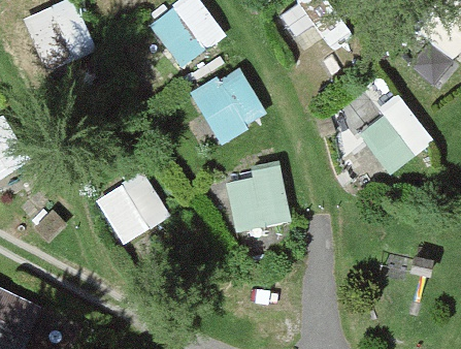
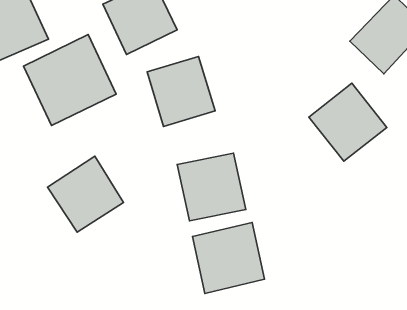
building: none -> [24,35,116,126]
building: none -> [192,222,265,293]

